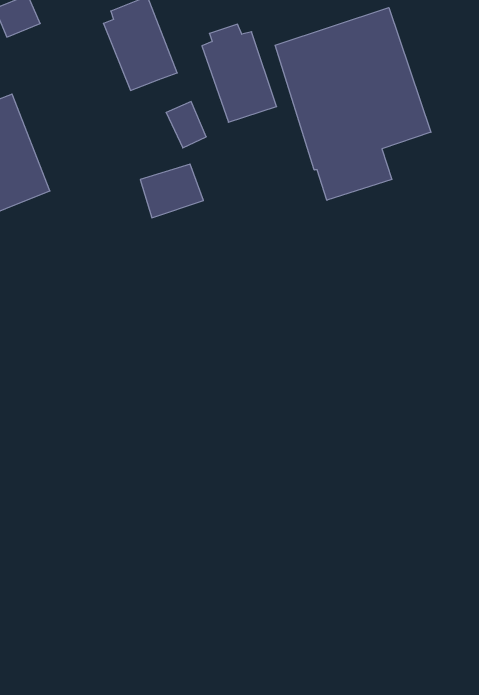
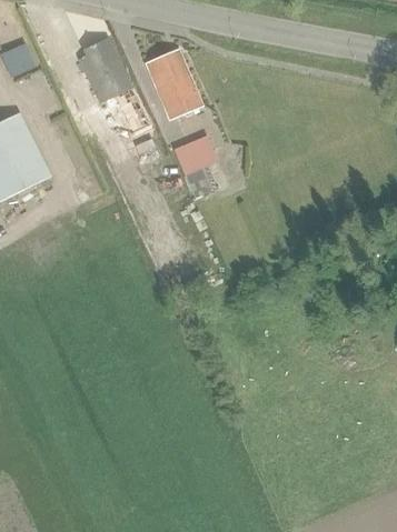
building: [275,8,431,200] -> none
building: [140,164,203,218] -> [173,135,218,174]

